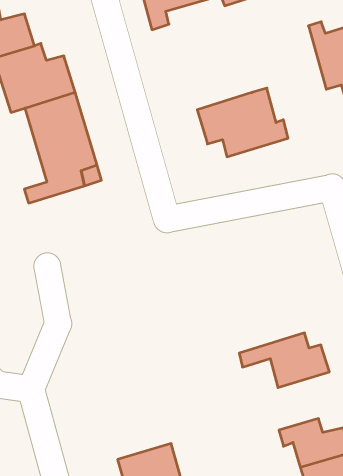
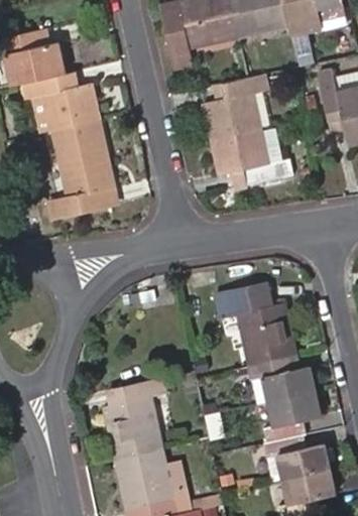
building: none -> [203,76,262,142]
building: none -> [219,293,294,366]
building: none -> [103,379,165,459]
building: none -> [261,392,320,442]

